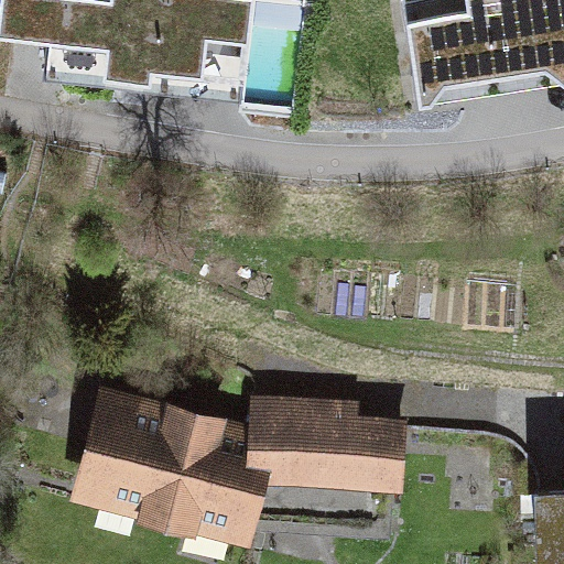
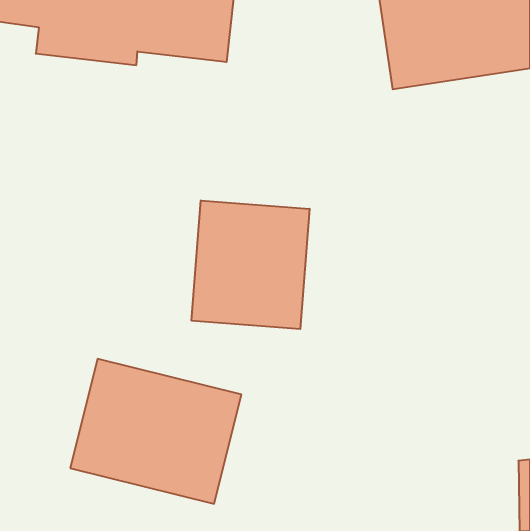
building: none -> [192,200,310,329]
building: [257,403,421,532] -> none

